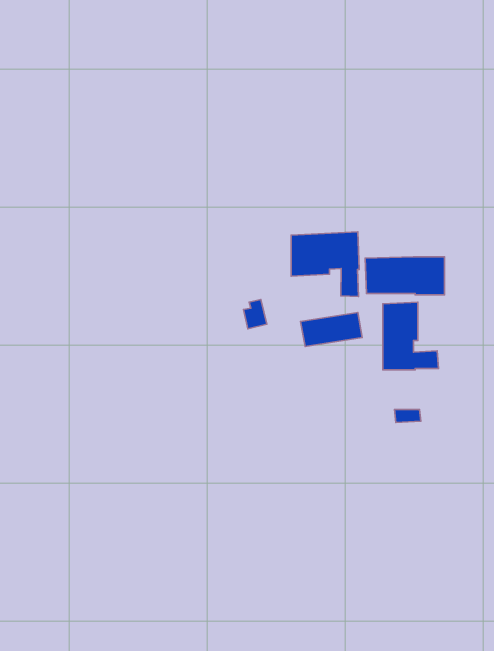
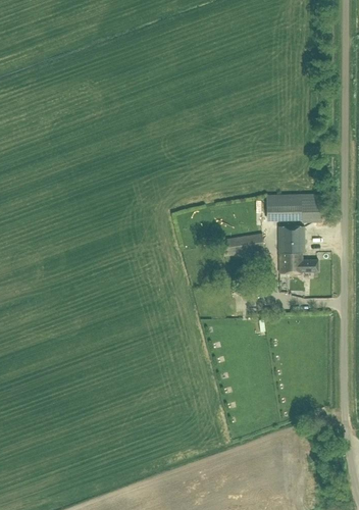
building: [291,232,359,297] -> none

